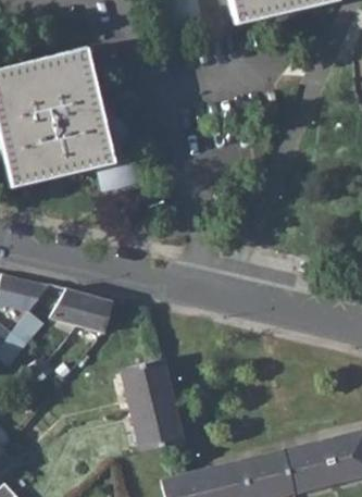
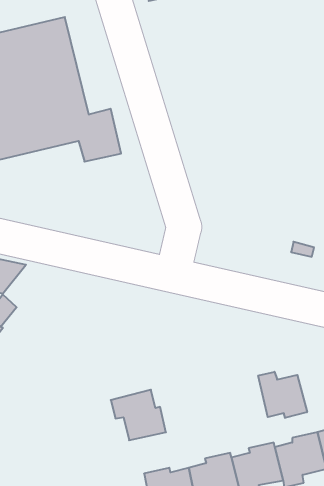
building: [50,288,113,333] -> none
building: [126,360,168,411] -> none
building: none -> [258,372,307,418]

